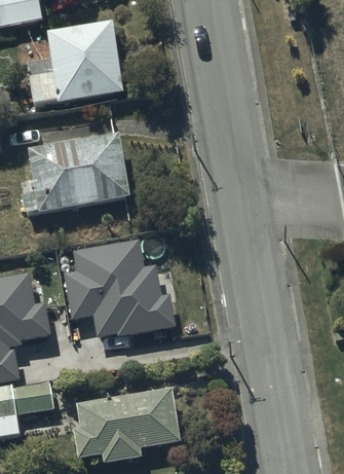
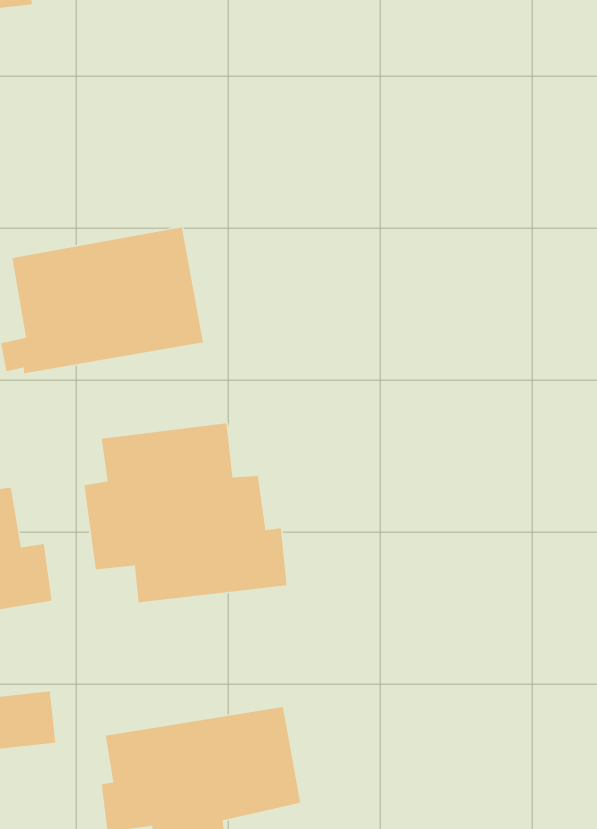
building: [30,24,122,104] -> none

